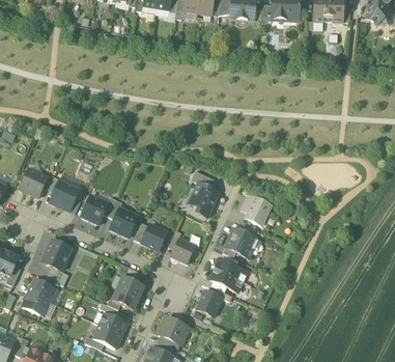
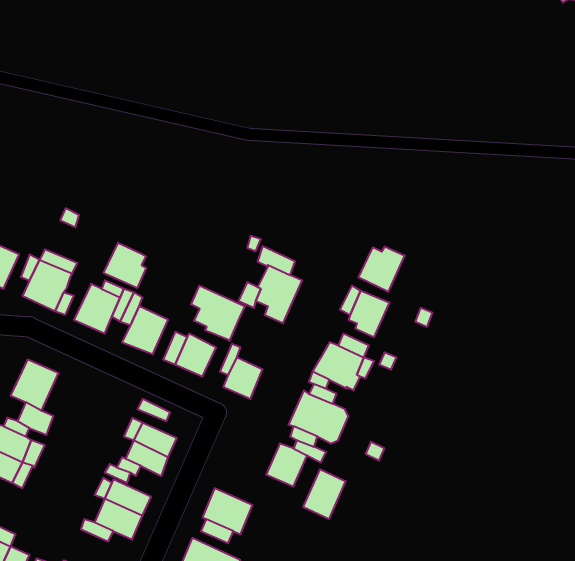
building: none -> [104,243,146,288]
building: none -> [359,247,405,292]
building: none -> [191,285,245,341]
building: none -> [303,469,346,519]

